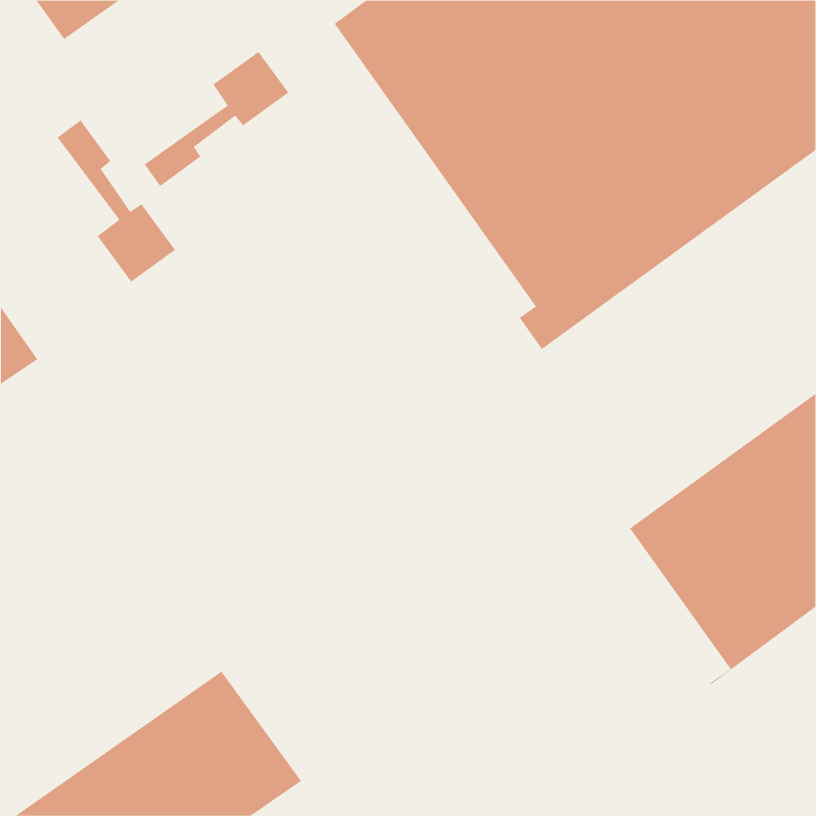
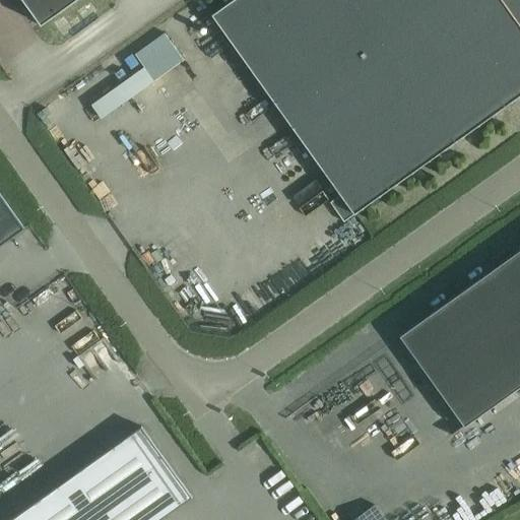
building: [57,119,176,282] -> none

